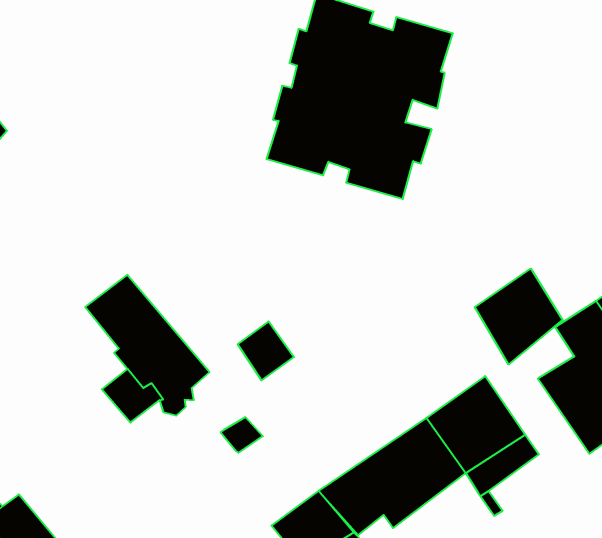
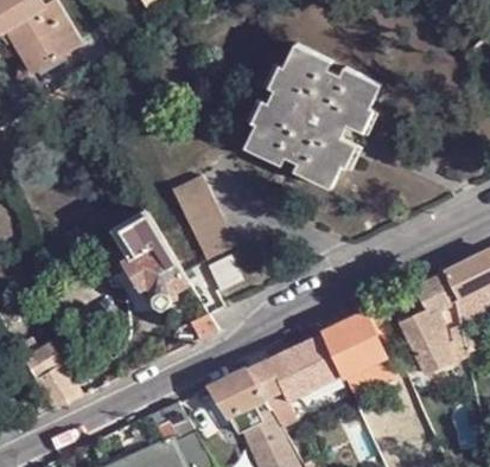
building: none -> [171,173,235,260]
building: [475,269,563,364] -> none

